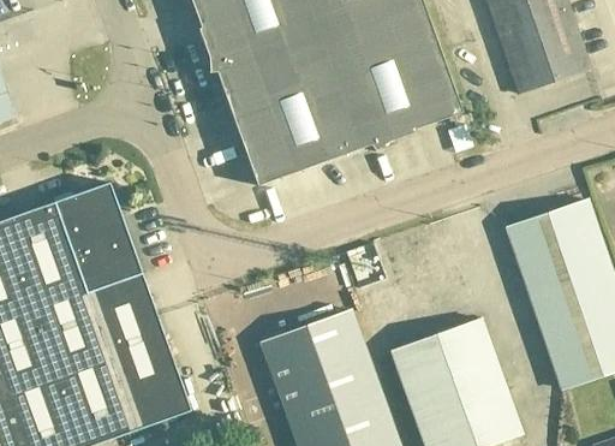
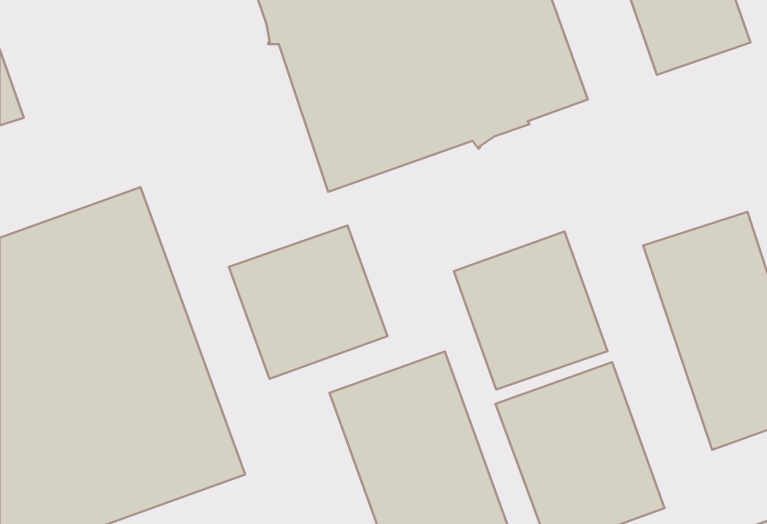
building: none -> [229,226,387,379]
building: none -> [454,231,607,390]

